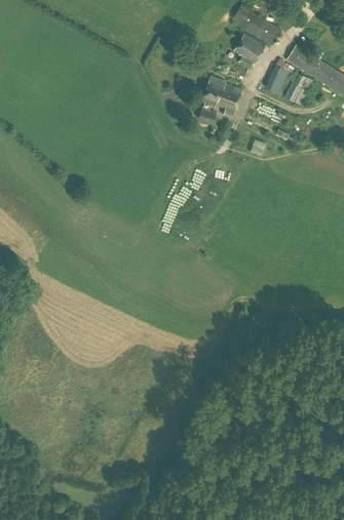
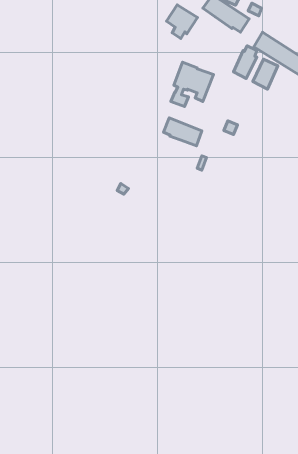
building: [232,33,265,69] -> [167,5,197,39]
building: none -> [163,118,202,146]

